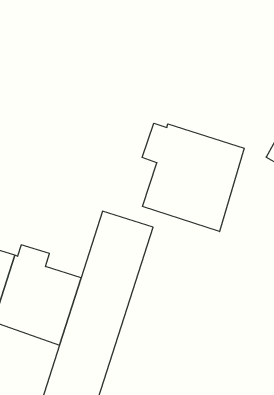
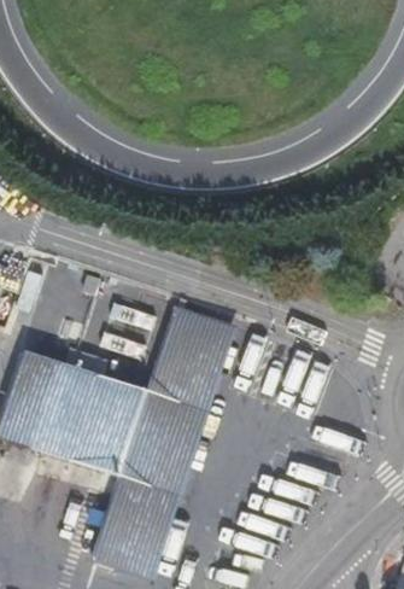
building: [142,123,244,232] -> none

